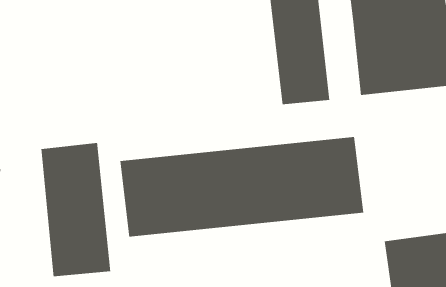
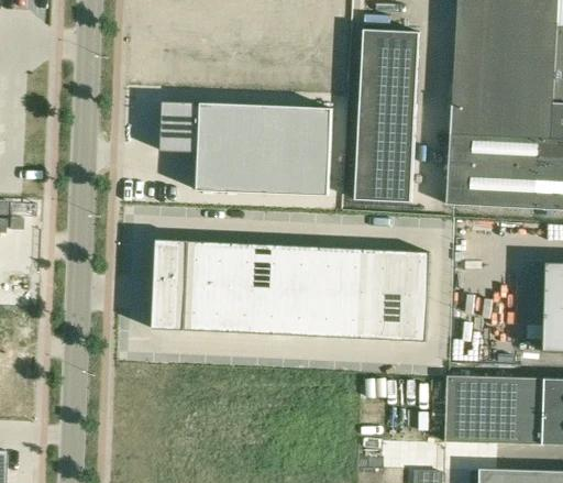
building: none -> [161,102,333,198]
building: [41,142,111,277] -> none

